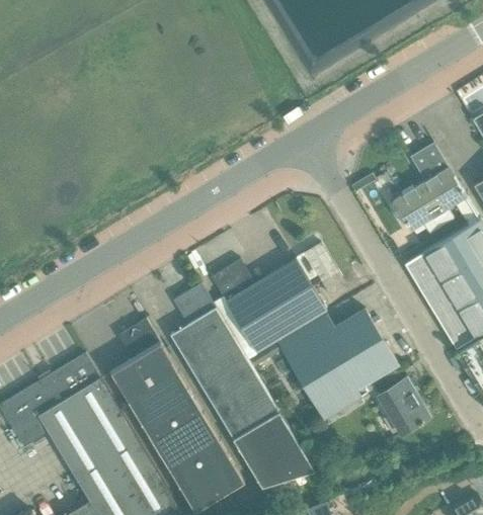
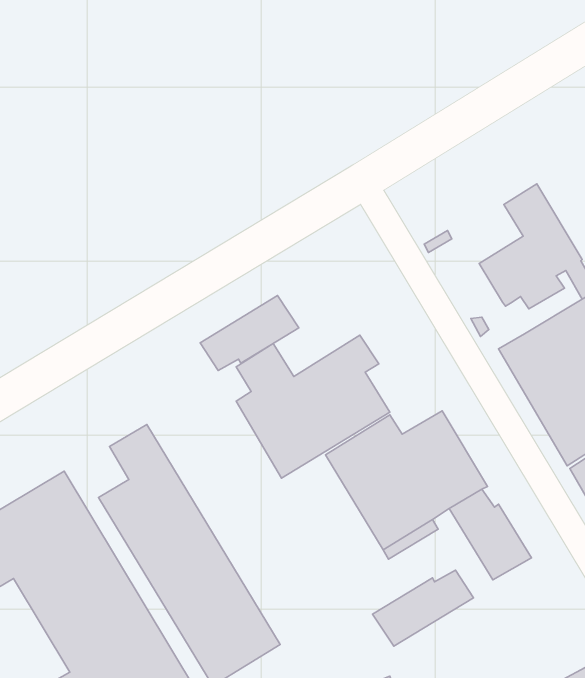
building: none -> [200,296,299,371]
building: [169,283,313,488] -> none
building: none -> [373,570,474,646]

